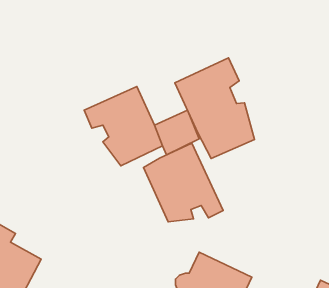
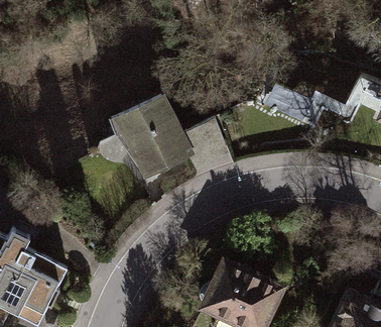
building: [175,58,254,159] -> none
building: [144,143,223,222] -> none

